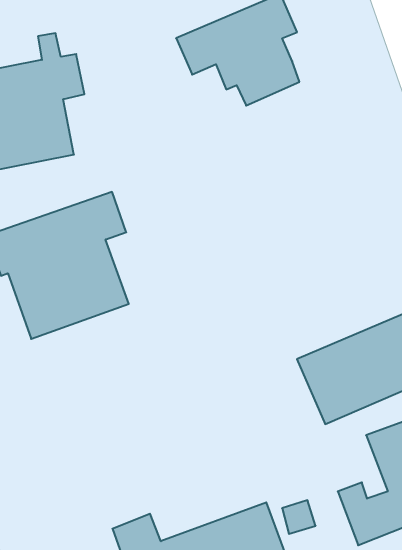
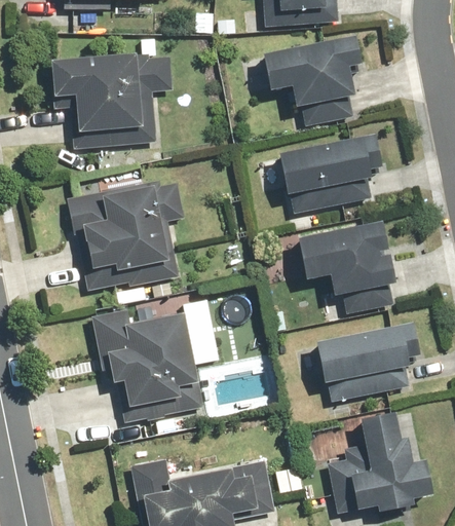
building: none -> [277,134,380,213]
building: none -> [296,223,394,316]
building: none -> [94,309,205,424]

